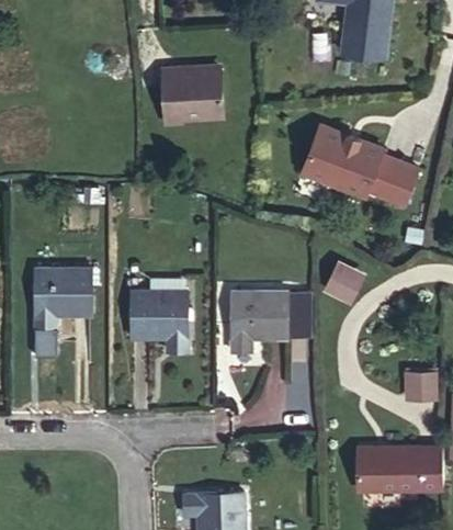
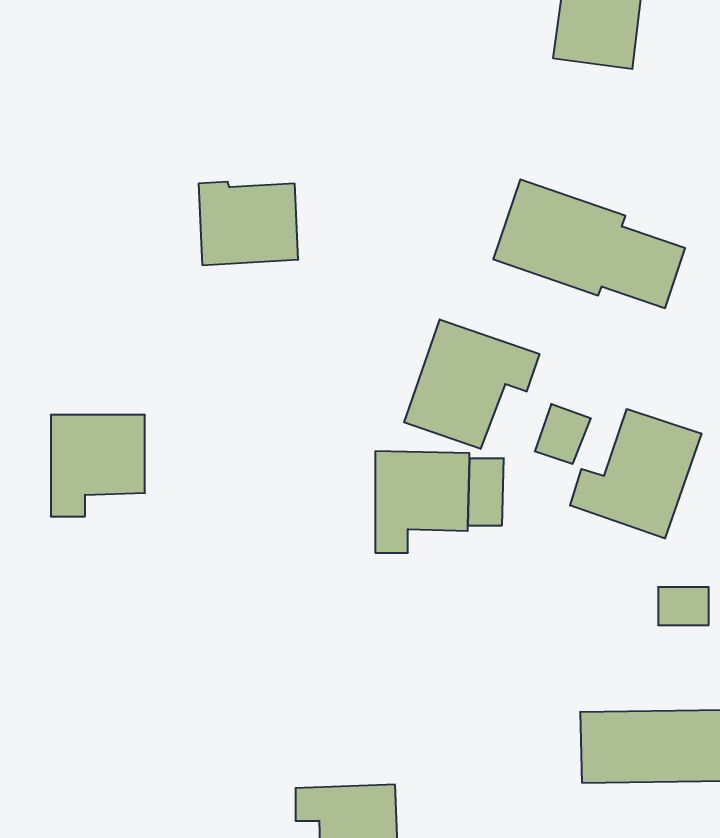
building: [162,69,223,120] -> [199,182,298,265]
building: none -> [404,319,539,449]
building: none -> [570,409,701,538]
building: [132,291,188,352] -> none

